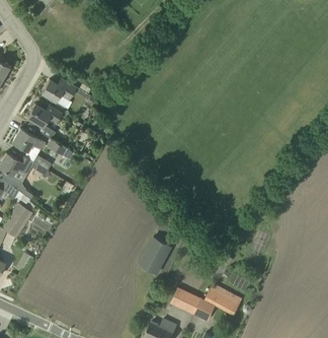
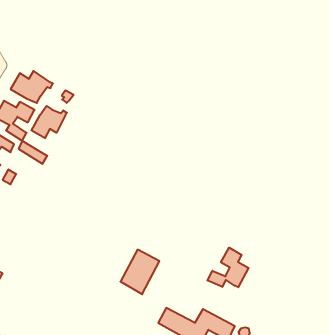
building: none -> [31,106,67,138]
building: none -> [207,248,249,287]

